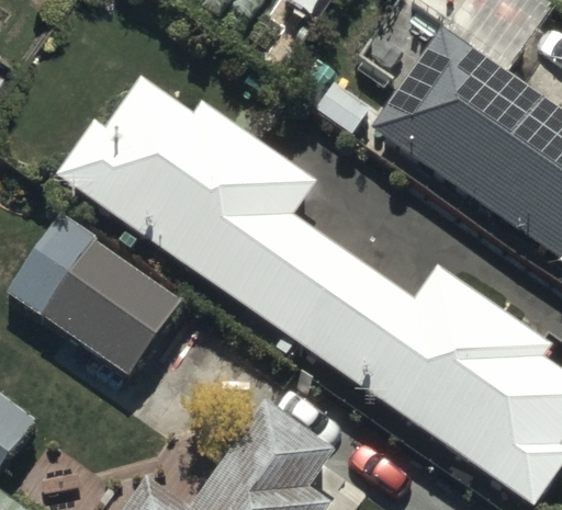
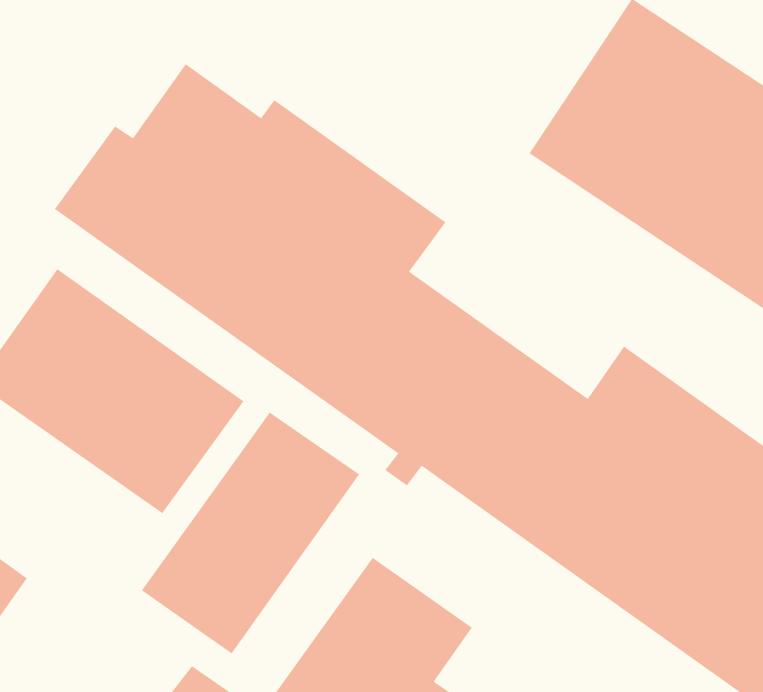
building: none -> [141,411,360,655]

